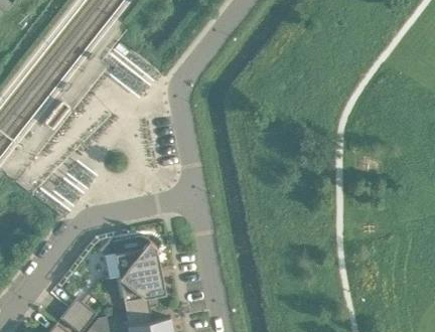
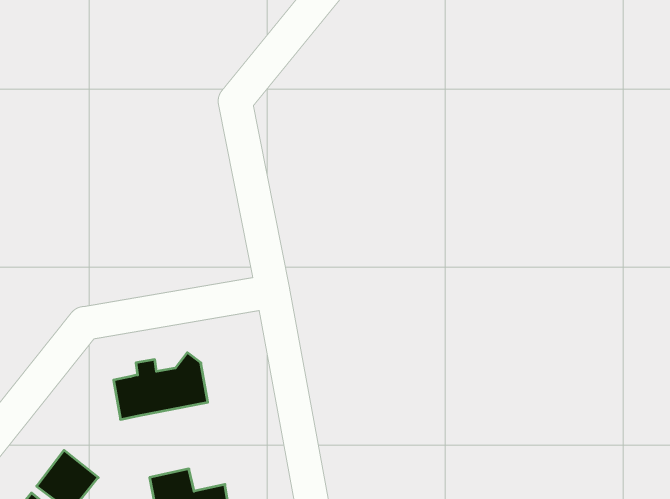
building: [118,271,164,315] -> none

